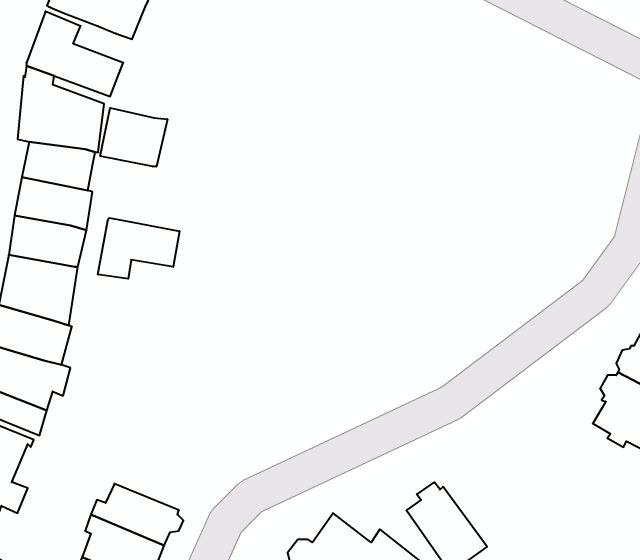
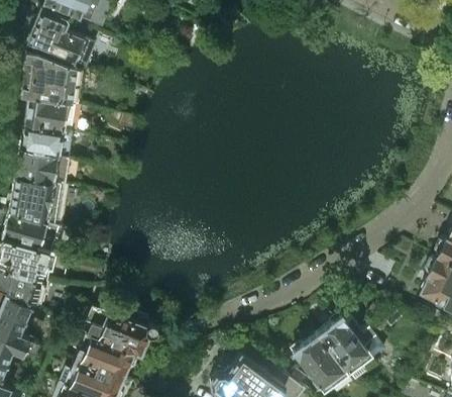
building: [100,108,167,167] -> none
building: [98,218,179,279] -> none
building: none -> [85,306,156,357]
building: none -> [315,318,377,379]

